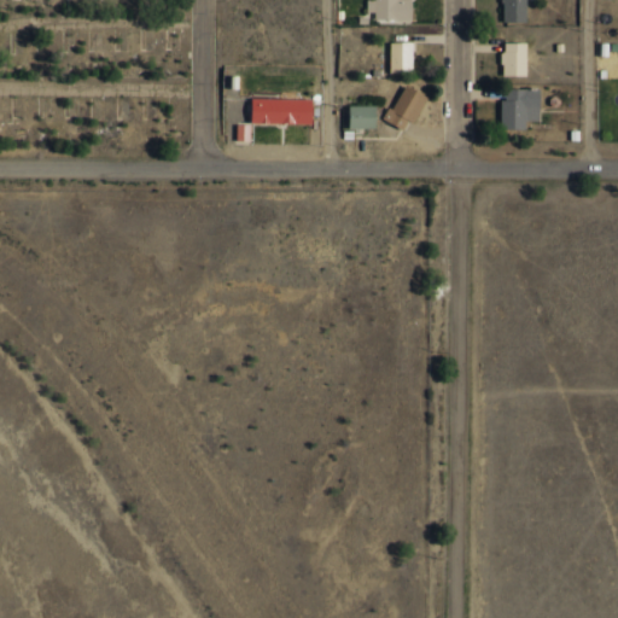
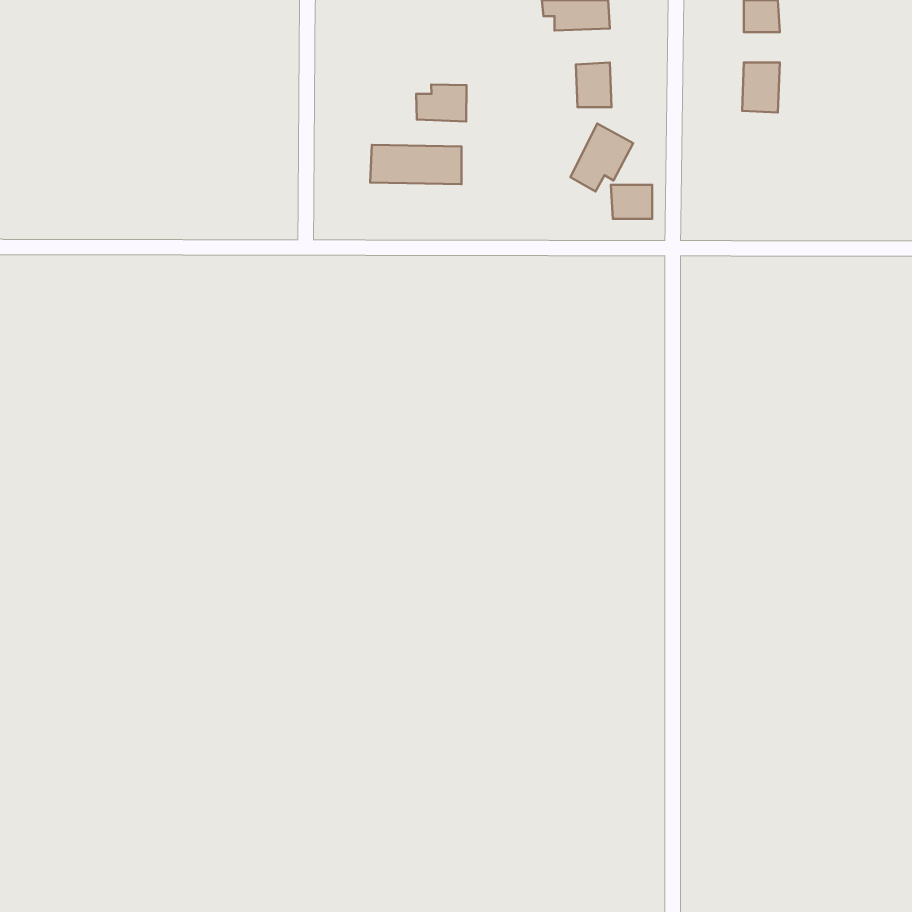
building: none -> [416,84,466,122]
building: [501,89,541,130] -> none
building: [349,106,377,129] -> [611,185,652,219]

